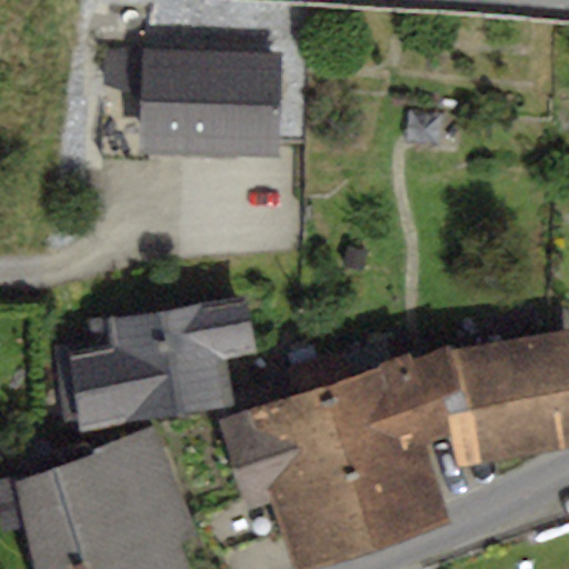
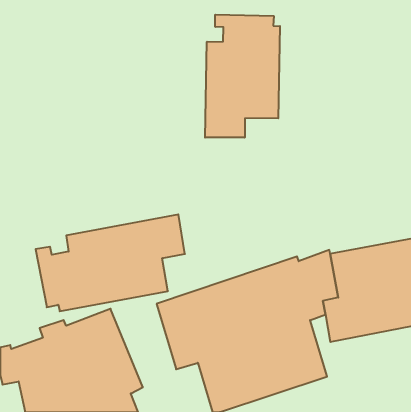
building: none -> [205,15,280,138]
building: [104,52,283,160] -> none

